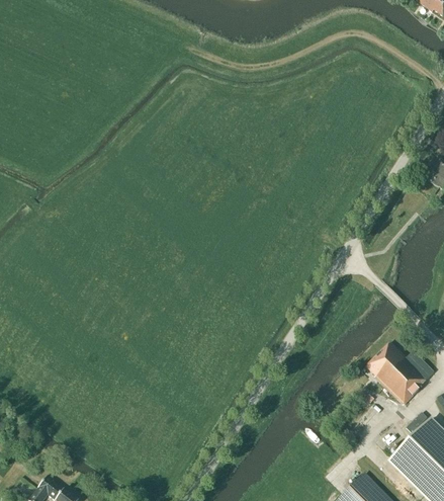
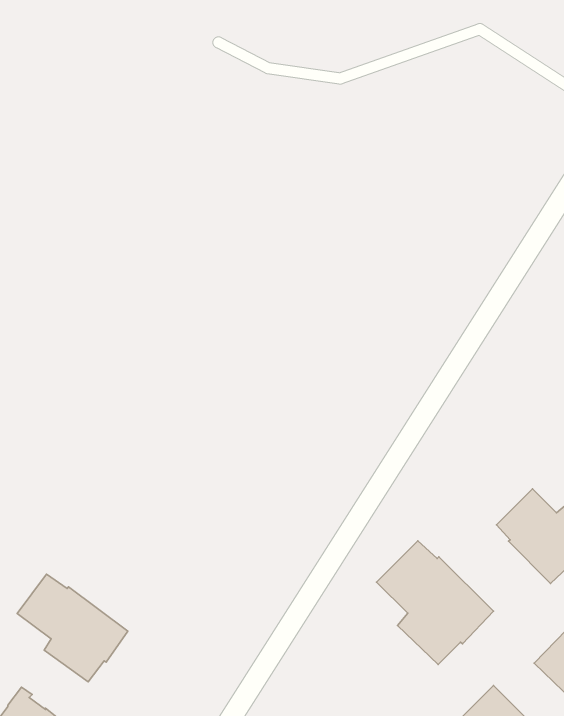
building: none -> [377,541,493,664]
building: none -> [17,574,128,682]

